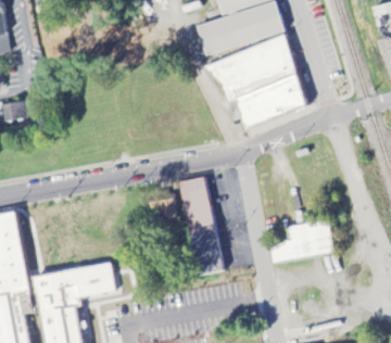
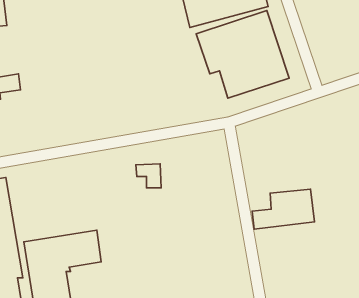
building: [179,176,223,276] -> none

